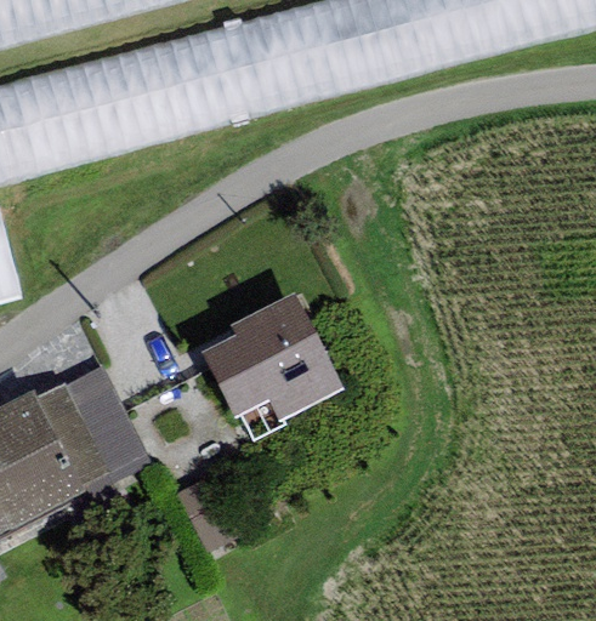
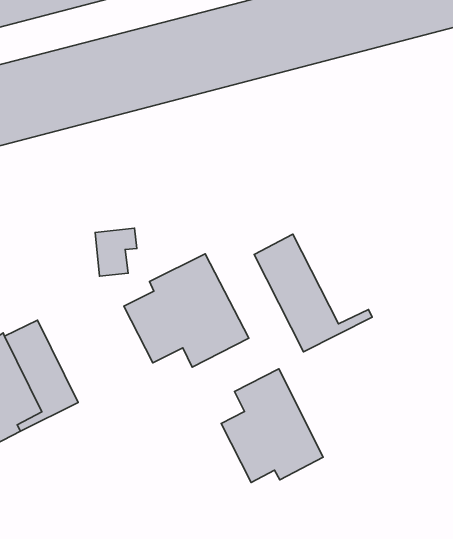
building: none -> [254,234,372,352]
building: none -> [221,369,323,482]

